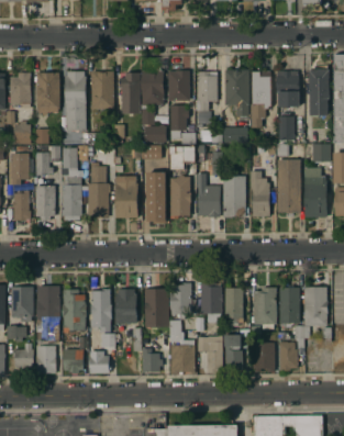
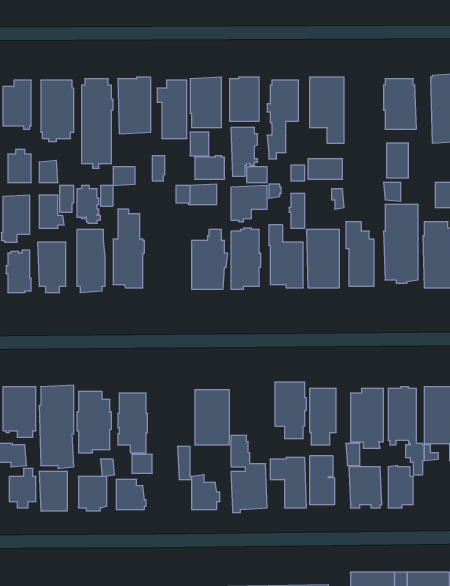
building: [249,71,270,127] -> none
building: [114,176,137,219] -> none
building: [169,283,191,320] -> none
building: [115,289,136,324] -> none

